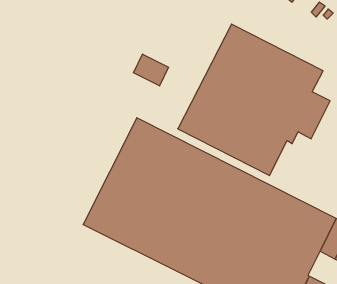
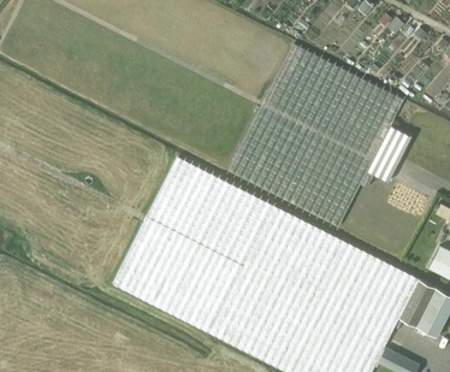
building: [134,54,168,86] -> none

